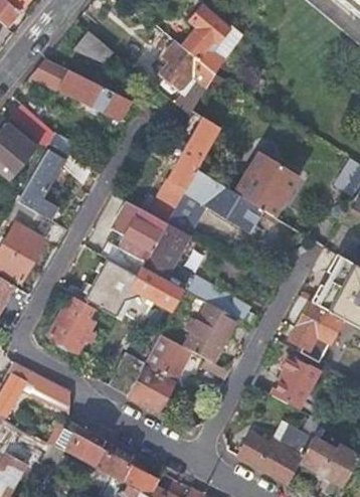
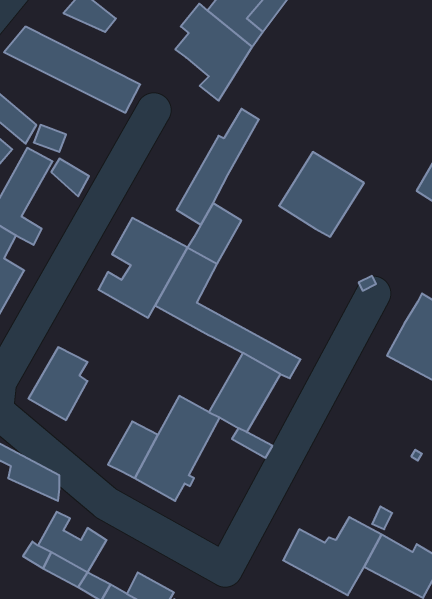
building: [186,169,262,230] -> none
building: [84,259,183,317] -> none
building: [290,303,342,363] -> none
building: [272,355,317,408] -> none

